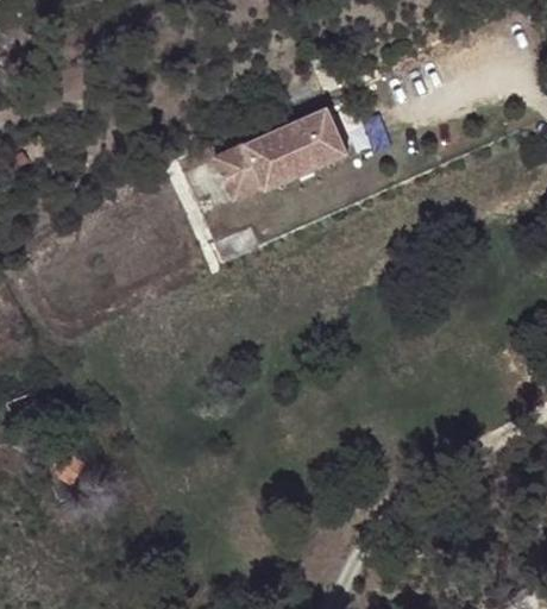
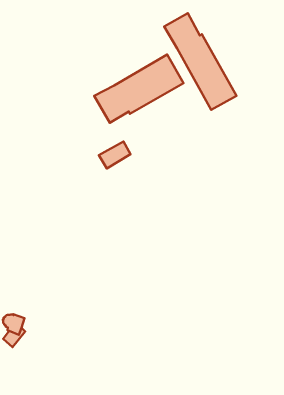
building: none -> [164,13,236,110]

